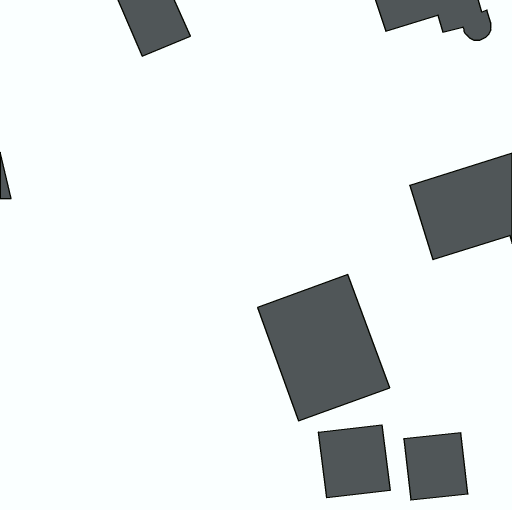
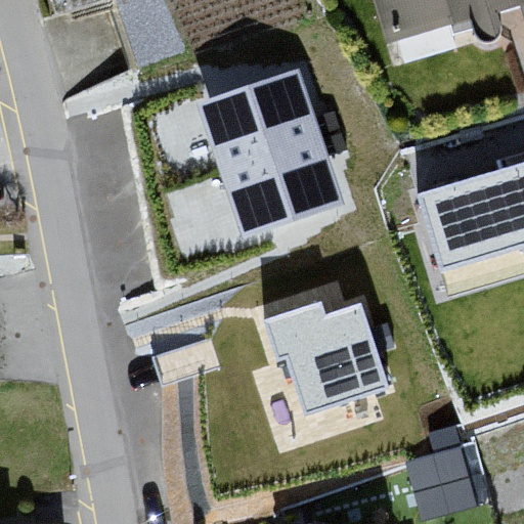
building: none -> [199,68,342,233]
building: [319,425,390,498] -> none

